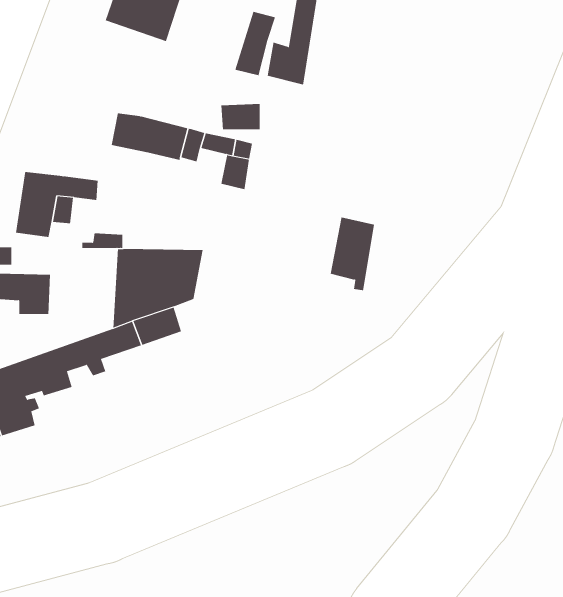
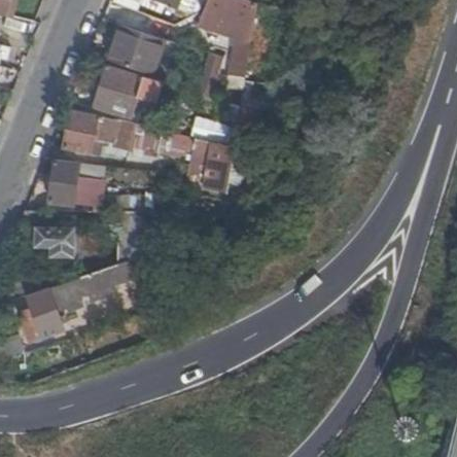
building: none -> [93,65,143,117]
building: none -> [63,112,116,152]
building: [330,217,375,291] -> [204,139,234,188]

